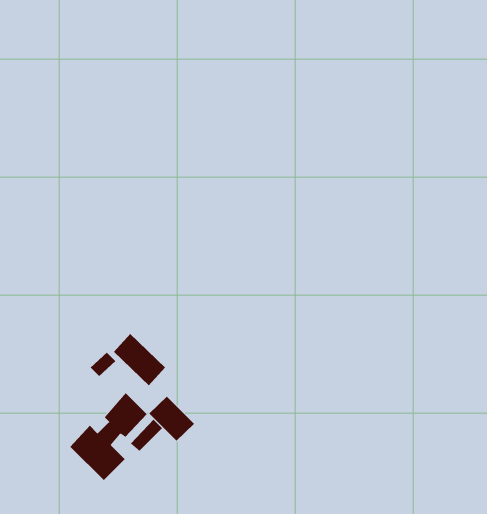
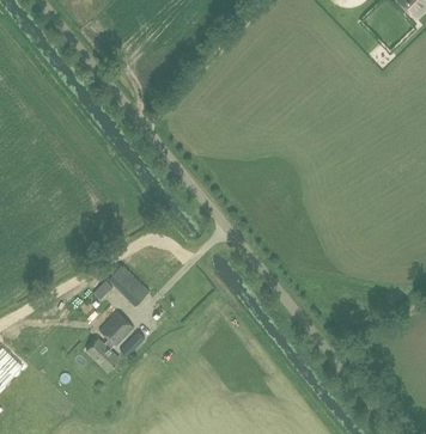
building: [149,396,195,441] -> none

